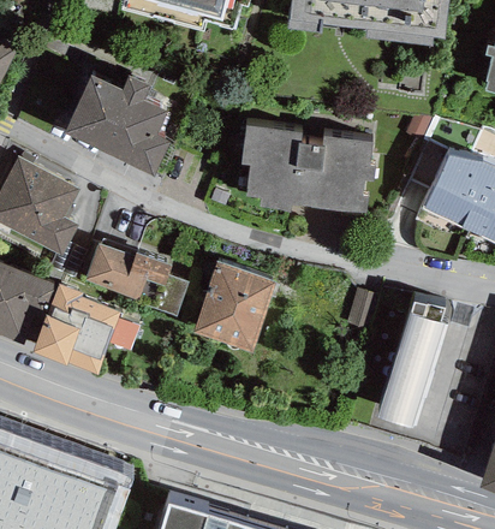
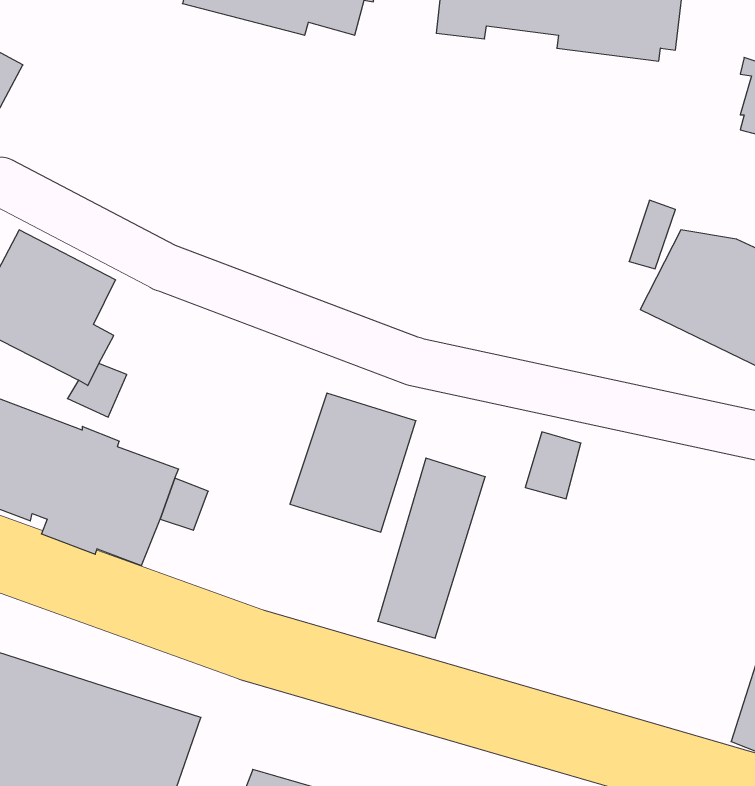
building: [62,73,169,174] -> none
building: [239,123,375,213] -> none
building: [84,242,189,315] -> none
building: [377,310,447,427] -> [378,458,485,638]

